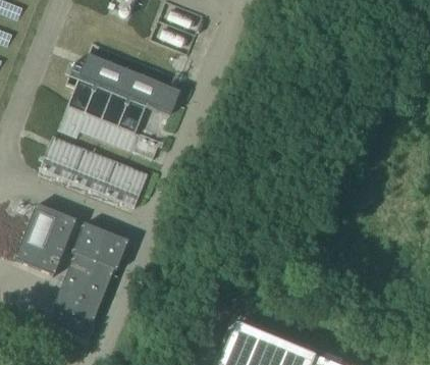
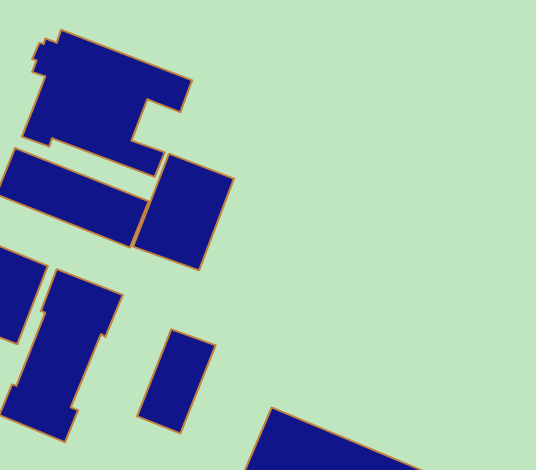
building: none -> [133,154,234,270]
building: none -> [137,329,216,434]

